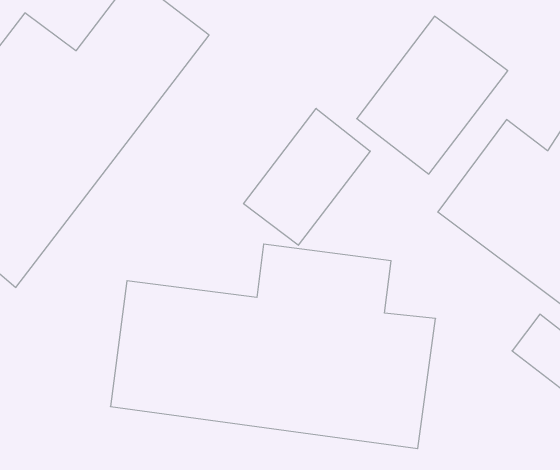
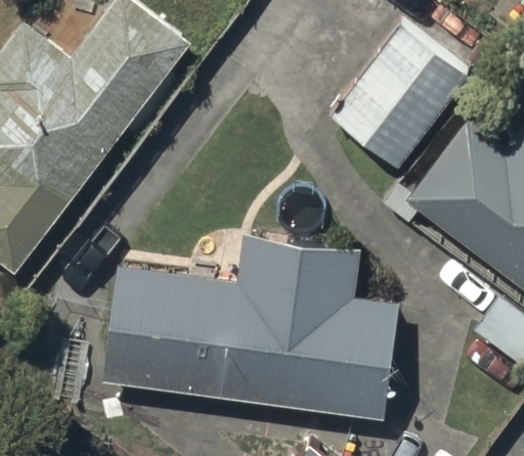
building: [244,108,370,245] -> none

